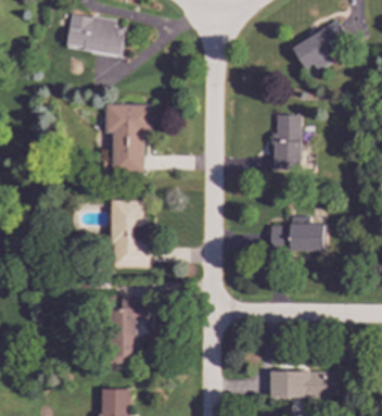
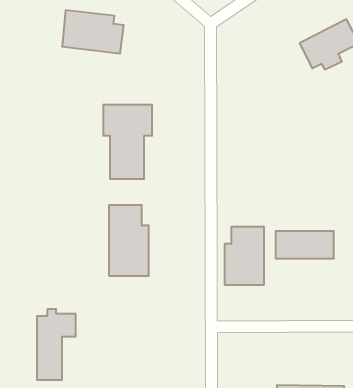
building: [272,114,301,168] -> none
building: none -> [225,227,264,285]
building: [112,294,149,362] -> [37,309,76,380]

